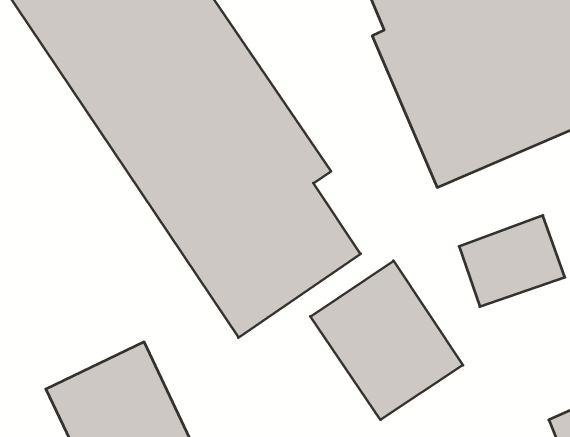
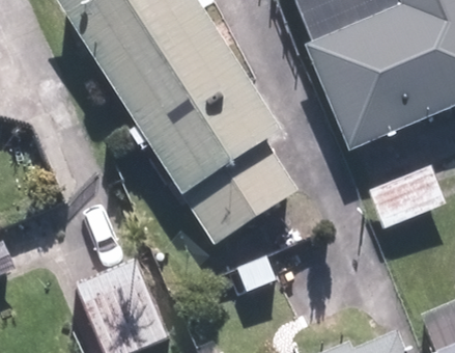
building: [310,261,463,420] -> none

